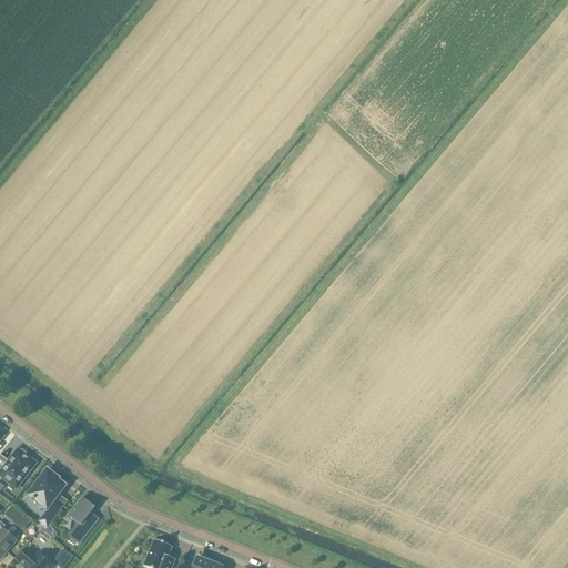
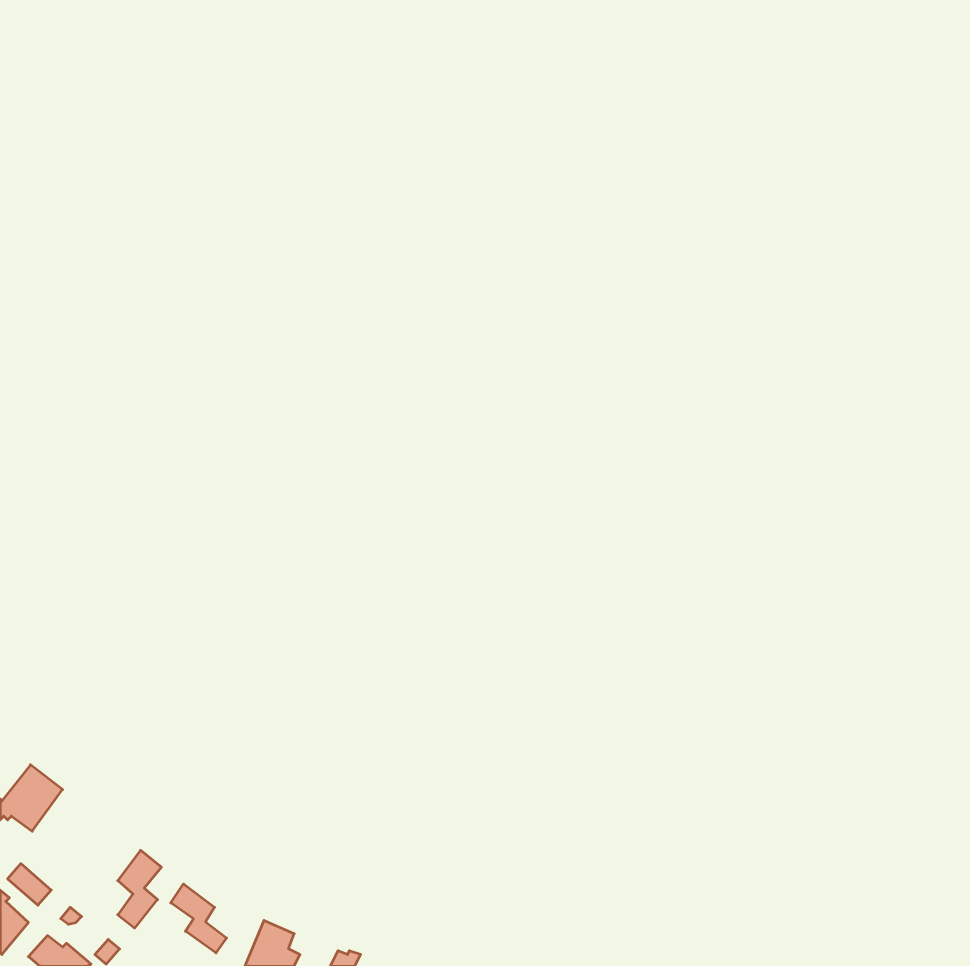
building: [28,469,64,519] -> none
building: none -> [171,884,227,953]

